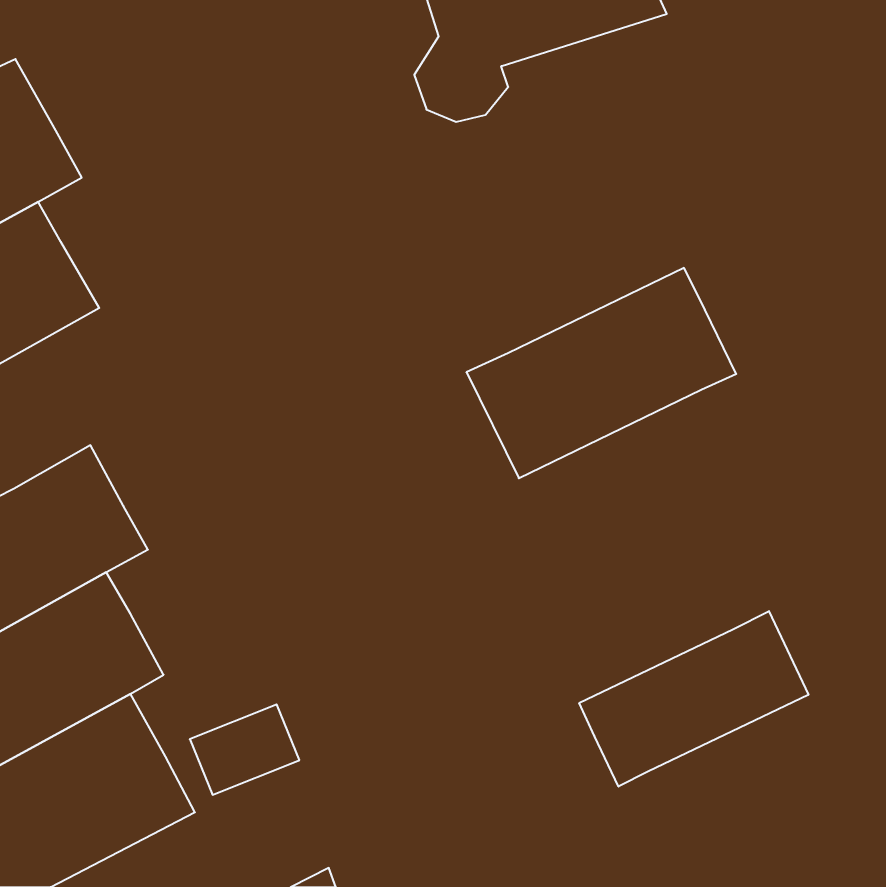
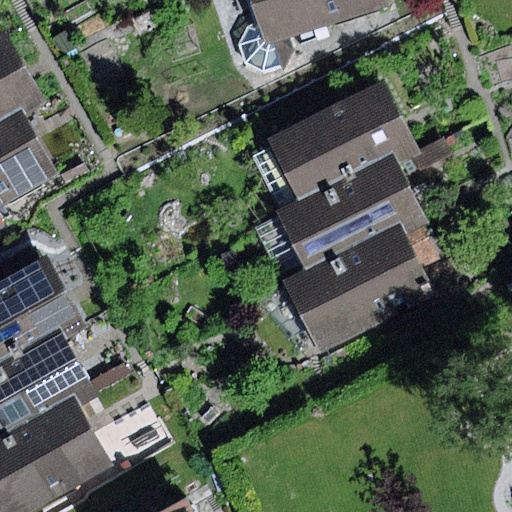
building: none -> [262,81,417,203]
building: none -> [279,224,437,353]
building: [579,611,808,787] -> none

